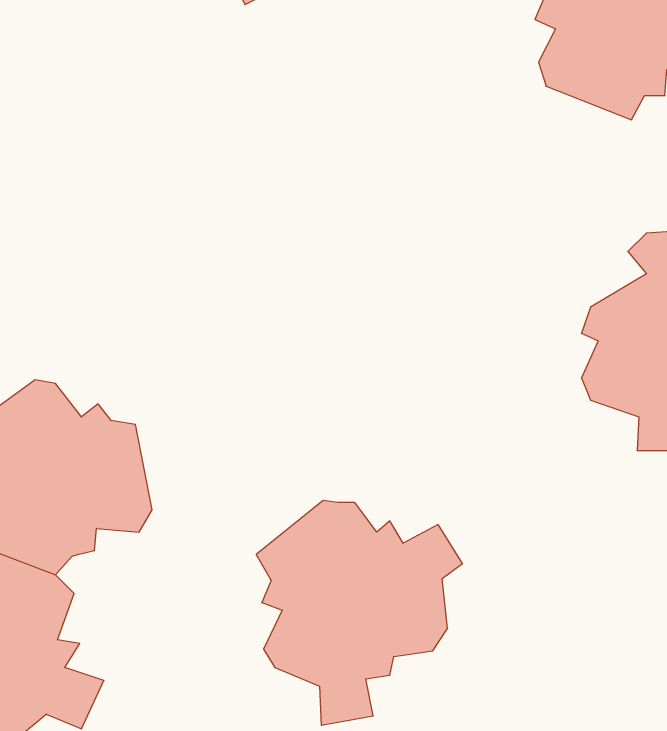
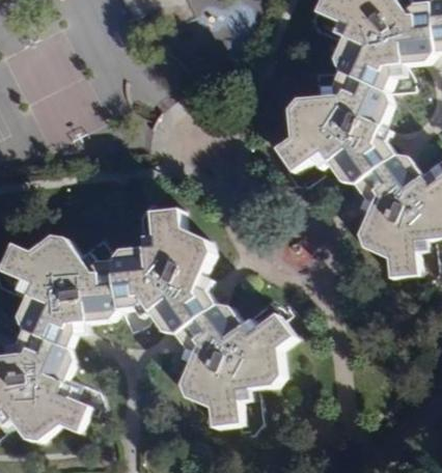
building: none -> [277,71,393,194]
building: none -> [108,208,213,332]

